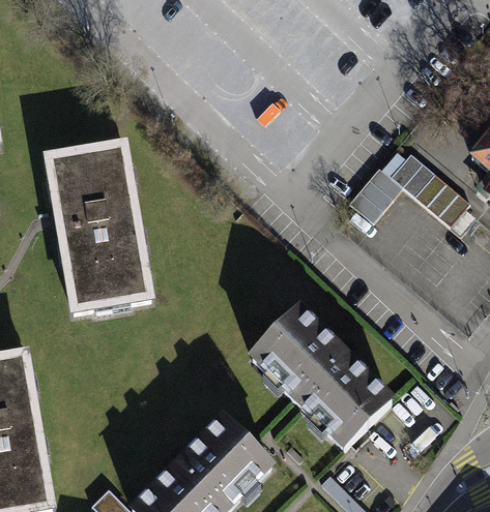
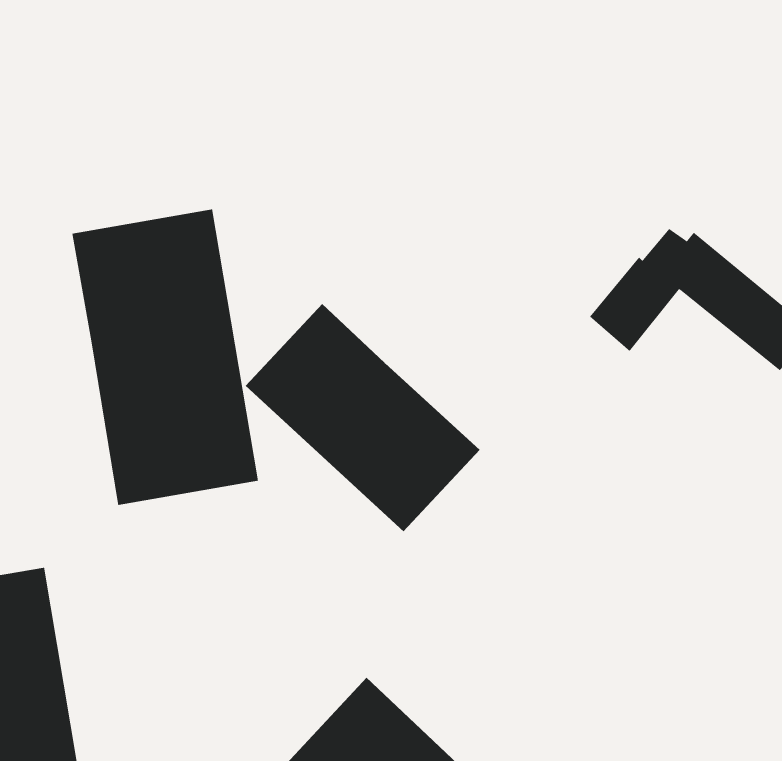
building: none -> [245,303,481,532]
building: [243,299,393,445] -> none

